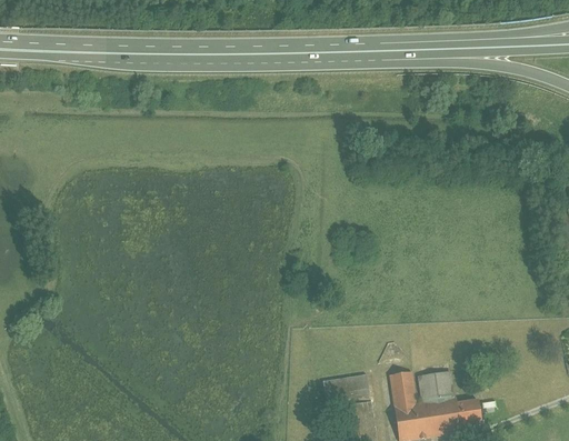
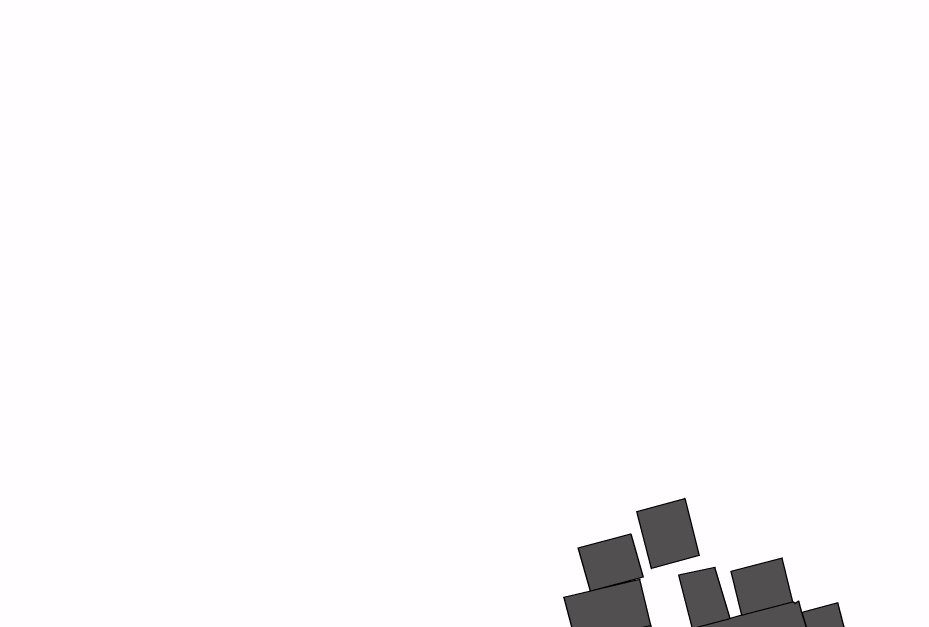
building: none -> [637,498,699,569]
building: none -> [578,534,643,591]

